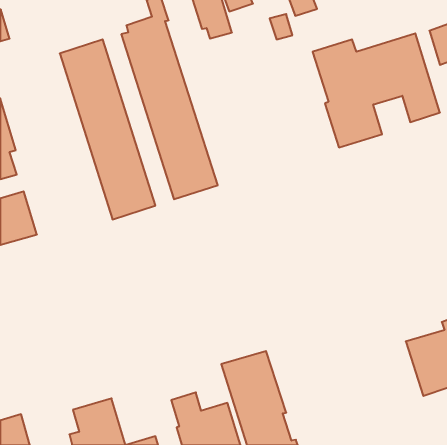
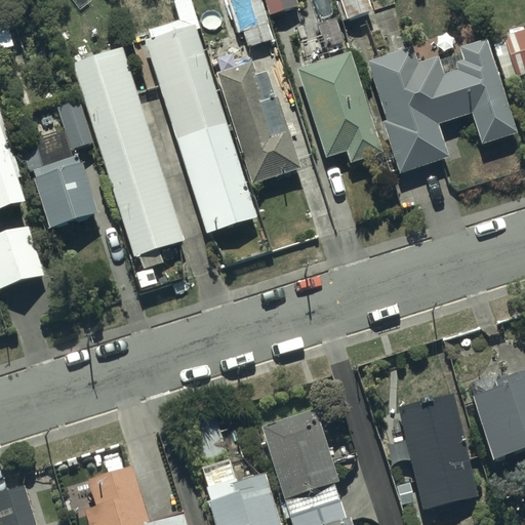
building: none -> [296,50,382,163]
building: none -> [216,63,299,184]
building: none -> [18,128,97,230]
building: none -> [398,395,478,510]

